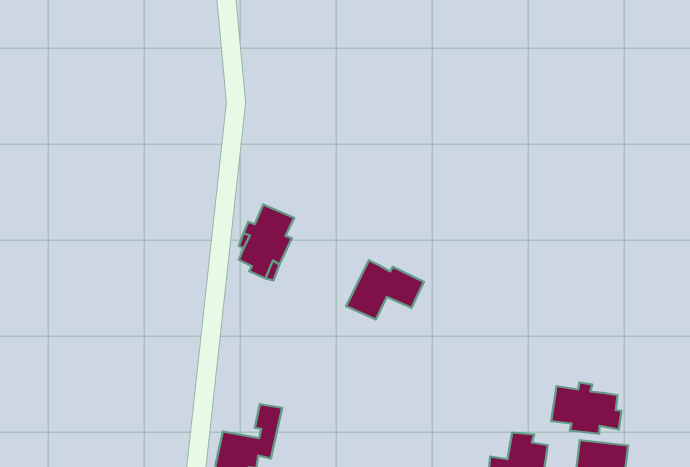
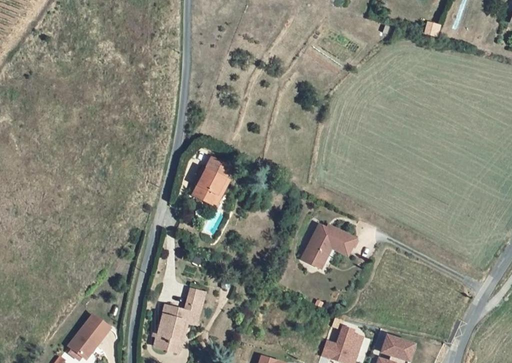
building: [346,260,424,320] -> [302,229,354,268]
building: [551,382,621,434] -> none

